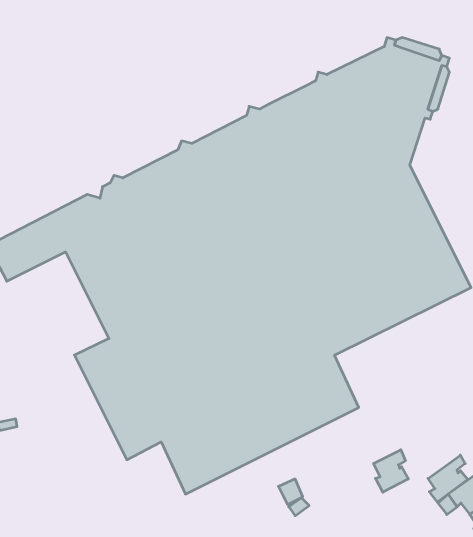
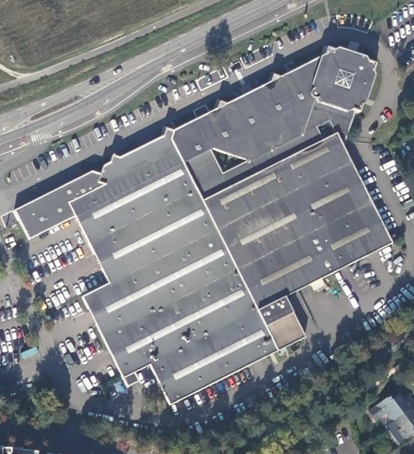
building: [374,450,408,492] -> none
building: [428,455,468,502] -> none

